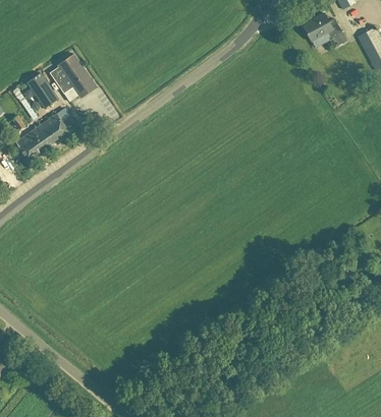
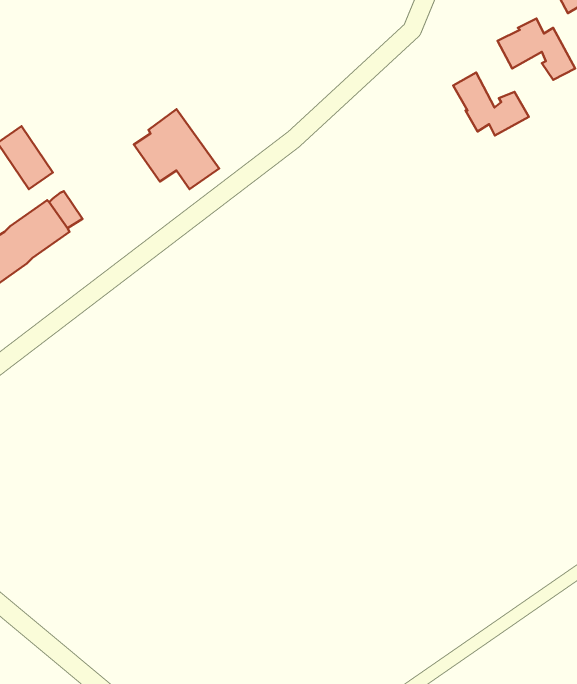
building: none -> [453,73,529,135]
building: [50,53,97,97] -> [134,109,219,189]

